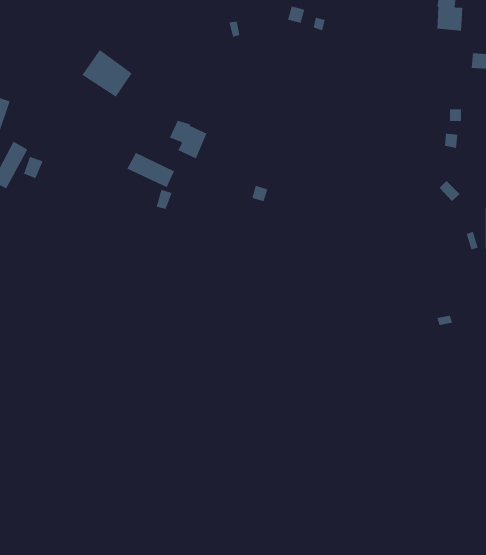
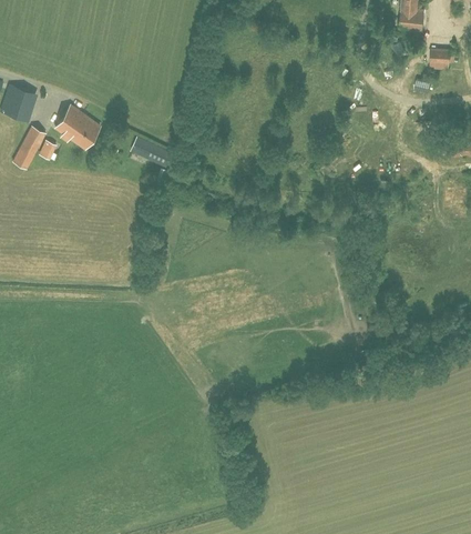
building: [82,49,133,98] -> [55,105,100,148]
building: [169,120,207,159] -> none

